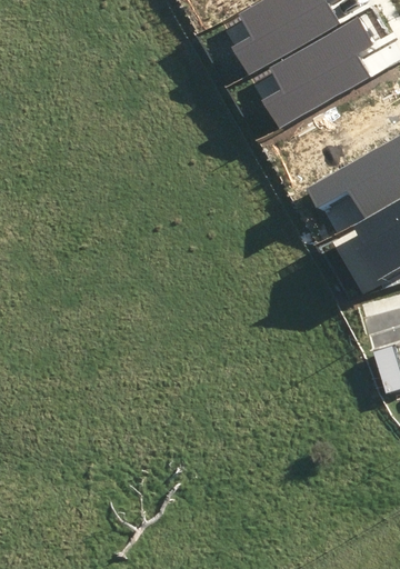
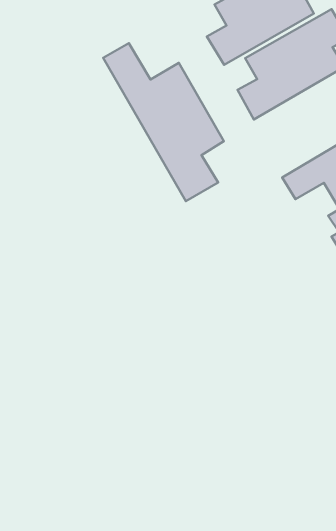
building: none -> [103,43,224,201]

